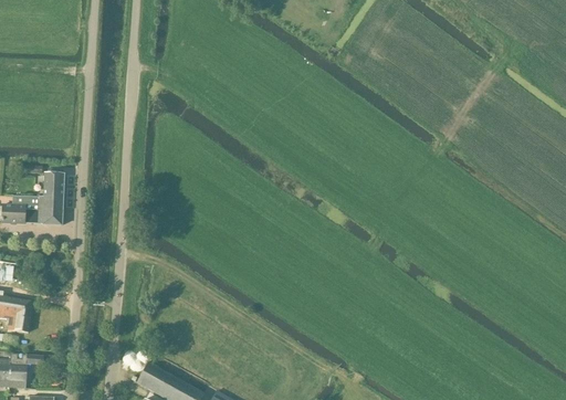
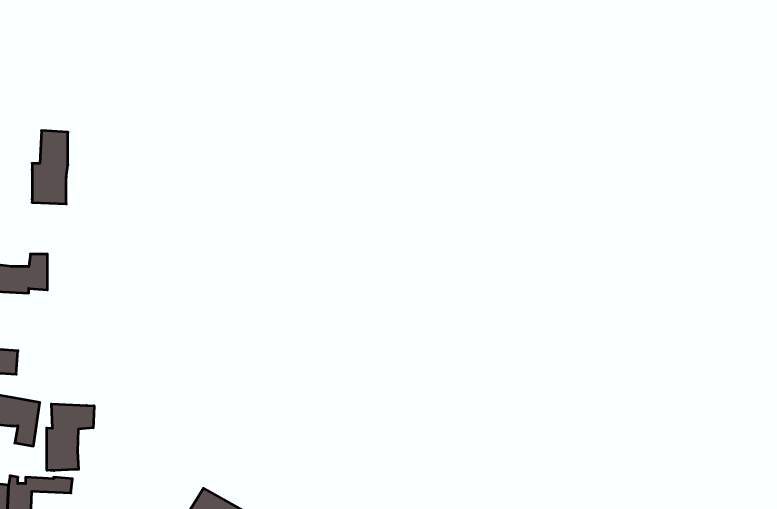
building: [38,172,63,224] -> [32,131,68,204]
building: none -> [47,404,94,471]

